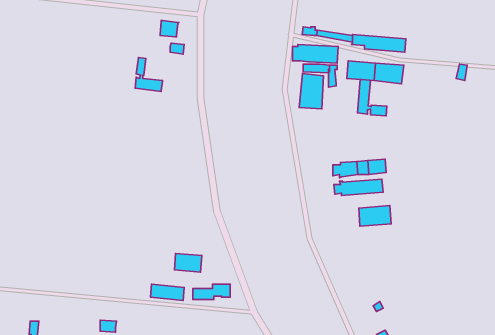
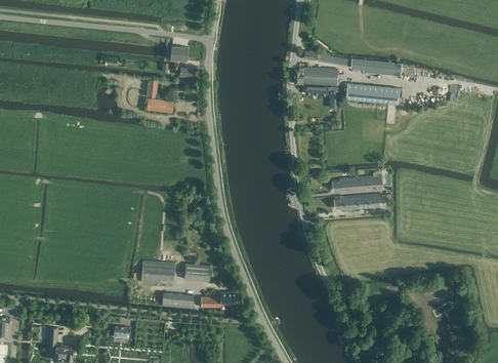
building: [299,73,323,109] -> none
building: [357,79,387,116] -> none
building: [359,206,391,226] -> none
building: none -> [140,260,174,284]

